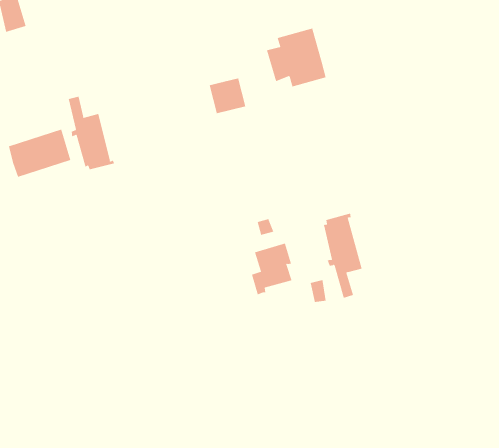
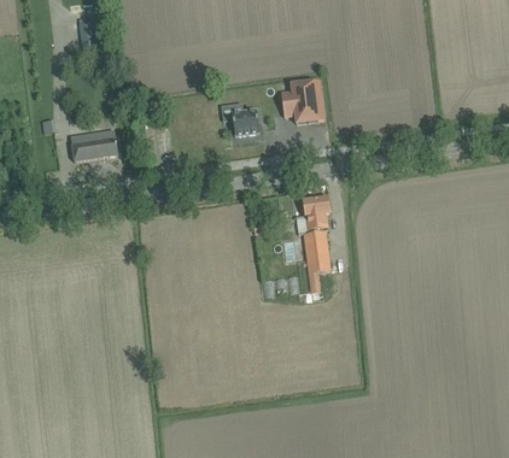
building: [68,96,115,170] -> none
building: [251,243,293,295] -> [298,196,330,234]

